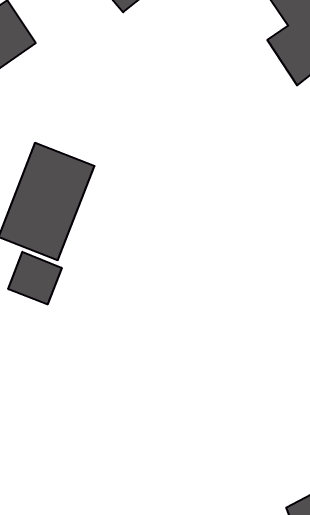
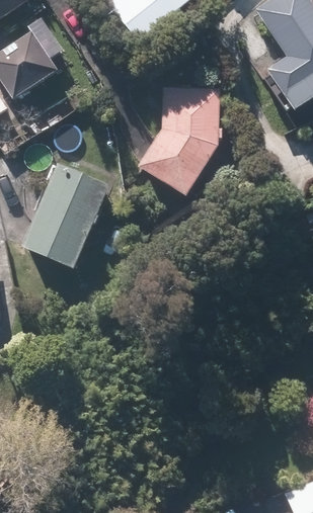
building: none -> [139,85,221,194]
building: [8,252,62,304] -> none

